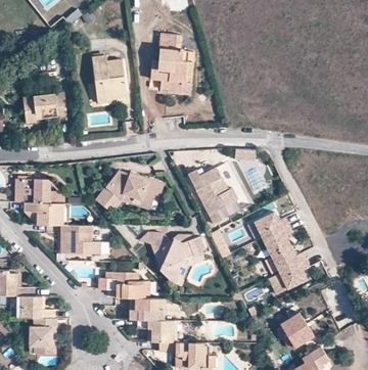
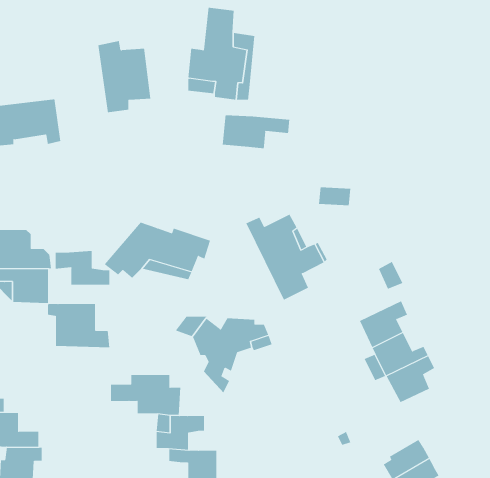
building: none -> [222,114,290,149]
building: none -> [55,250,110,286]
building: [255,213,289,237] -> none

